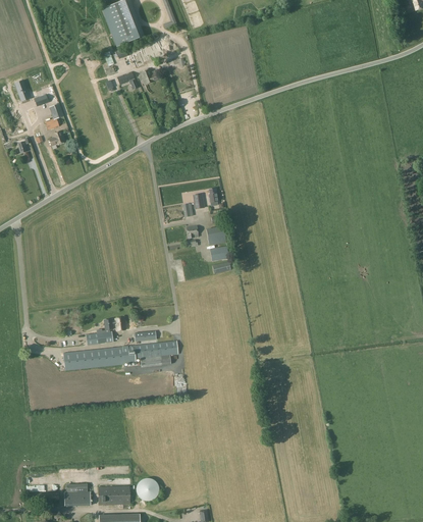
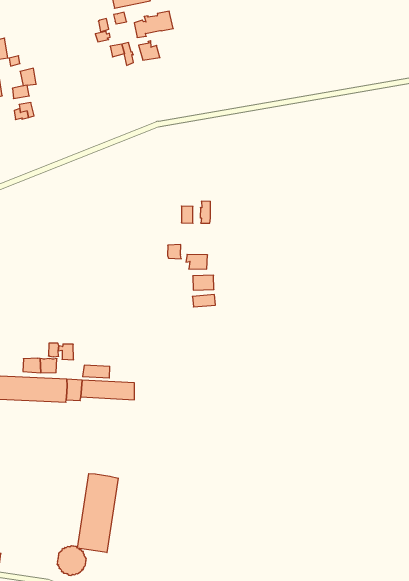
building: none -> [78,474,118,553]
building: [98,485,130,505] -> none

